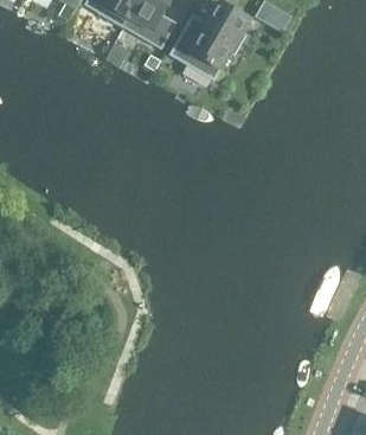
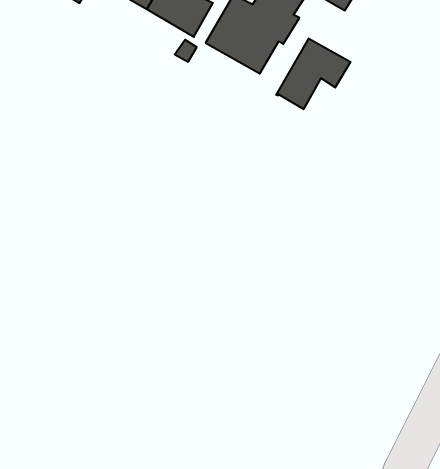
building: none -> [276,38,351,109]

